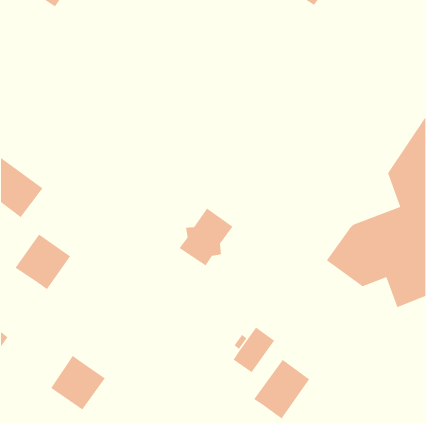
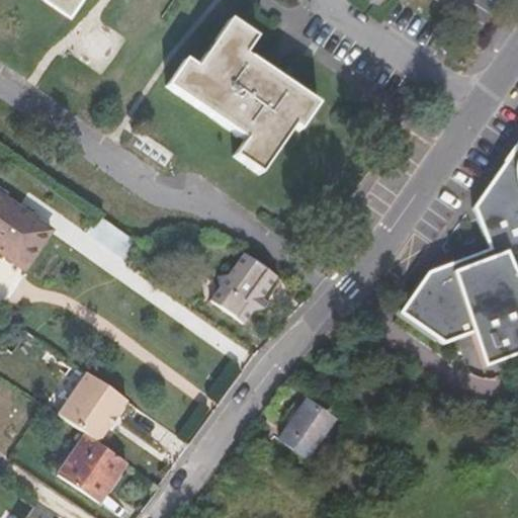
building: none -> [172,17,318,169]
building: [15,234,71,290] -> [63,372,132,441]
building: [253,359,310,420] -> none

